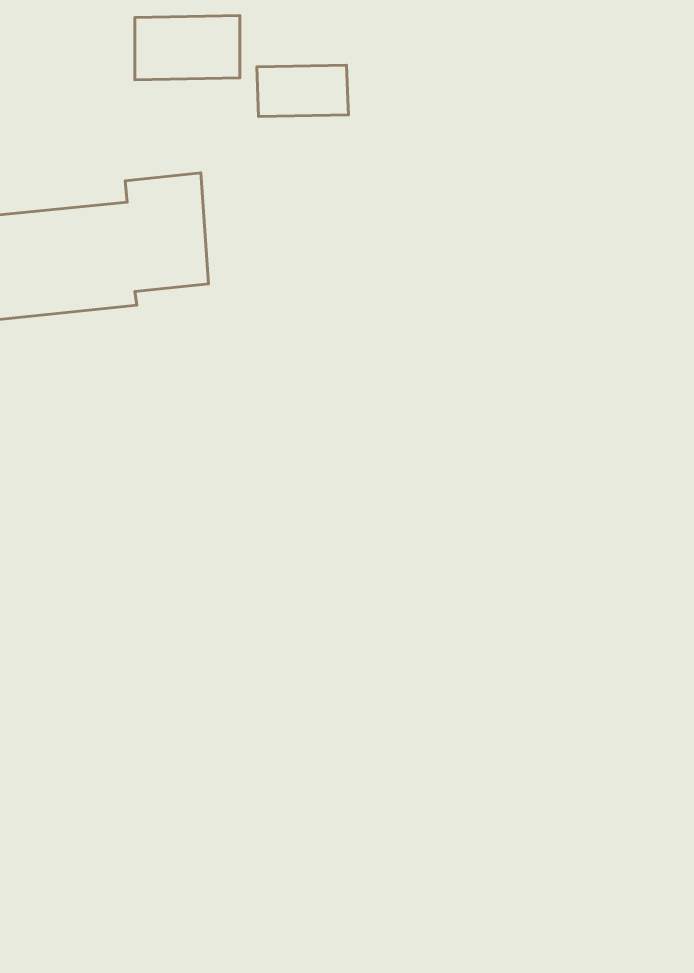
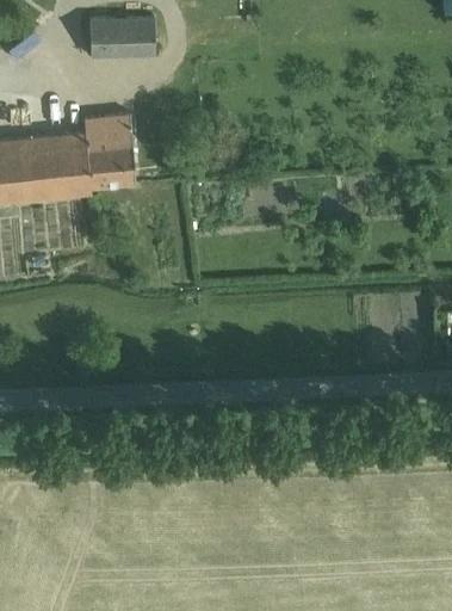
building: [257,65,348,117] -> none

